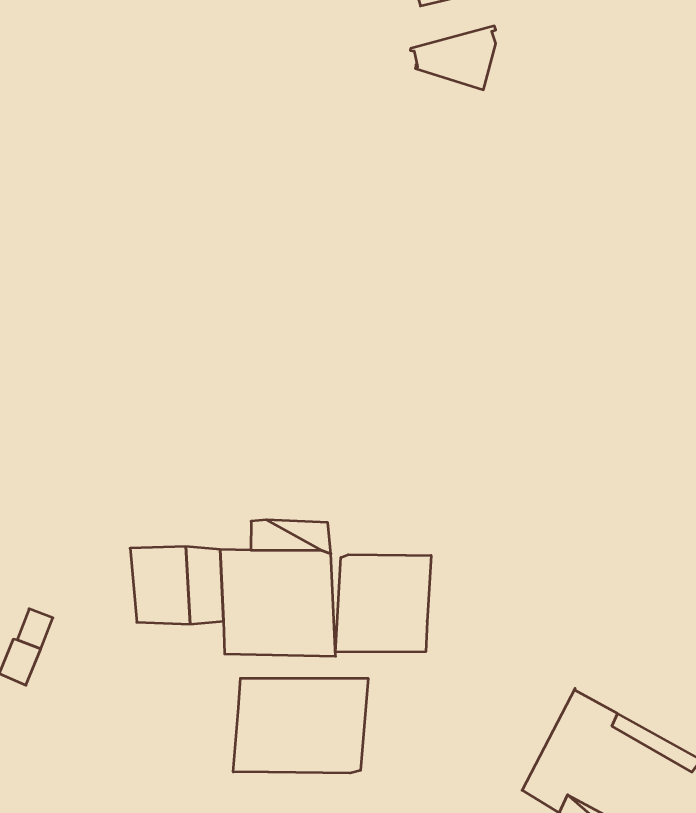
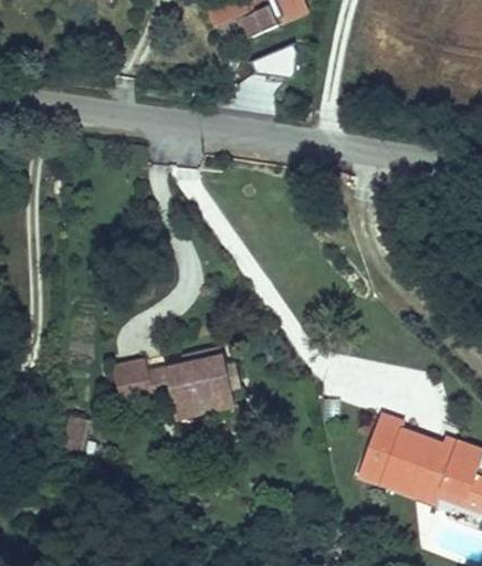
building: [335,555,431,652] -> none
building: [233,678,368,773] -> none

